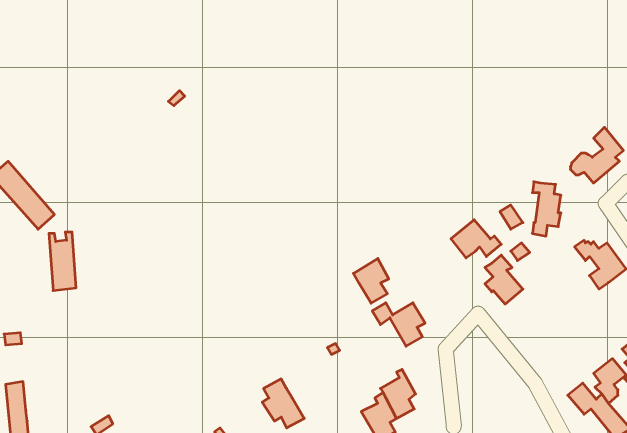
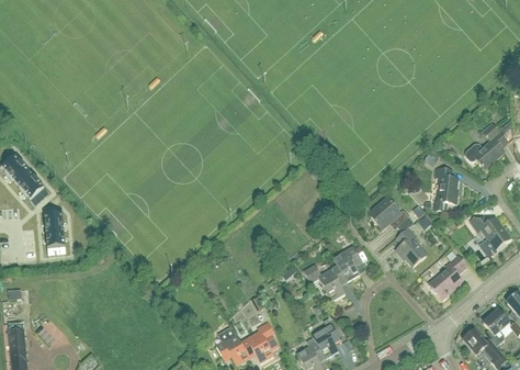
building: [353,258,389,303] -> [332,244,361,280]
building: none -> [428,249,466,298]
building: none -> [239,321,278,361]

